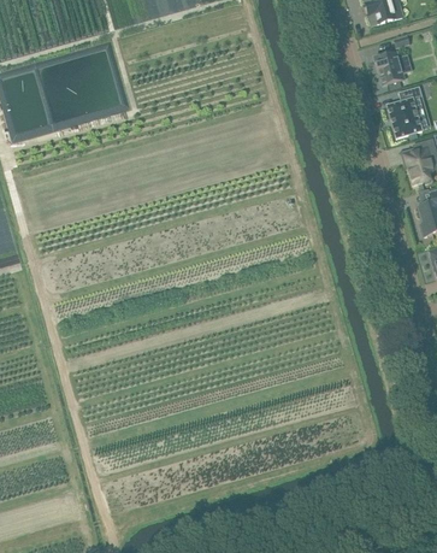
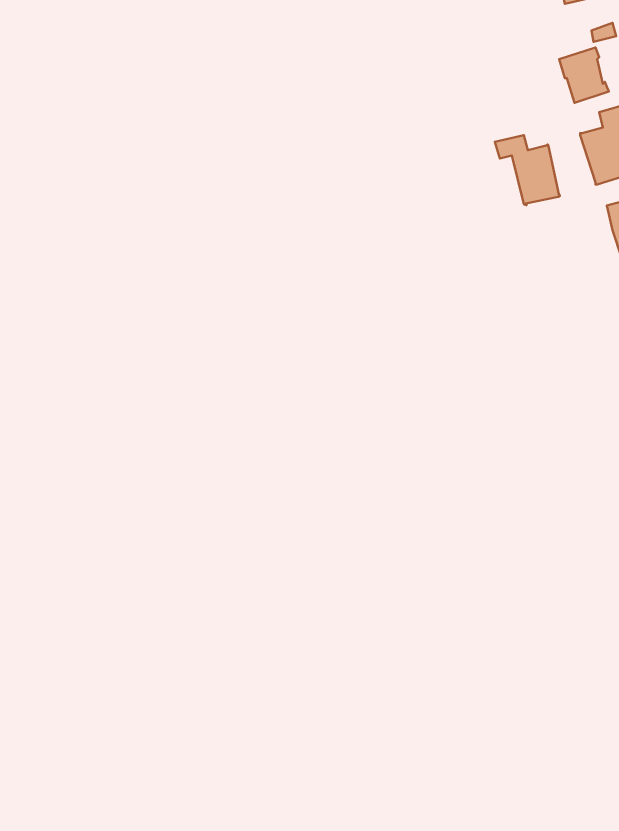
building: none -> [495,135,560,205]

